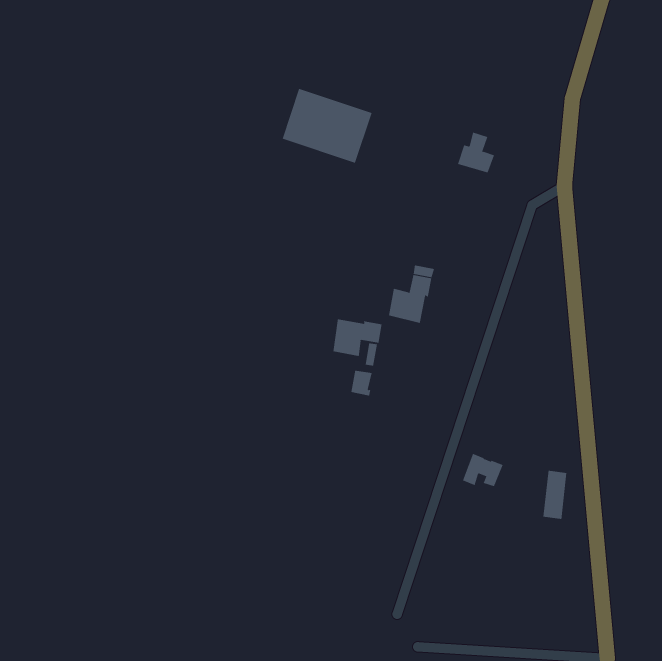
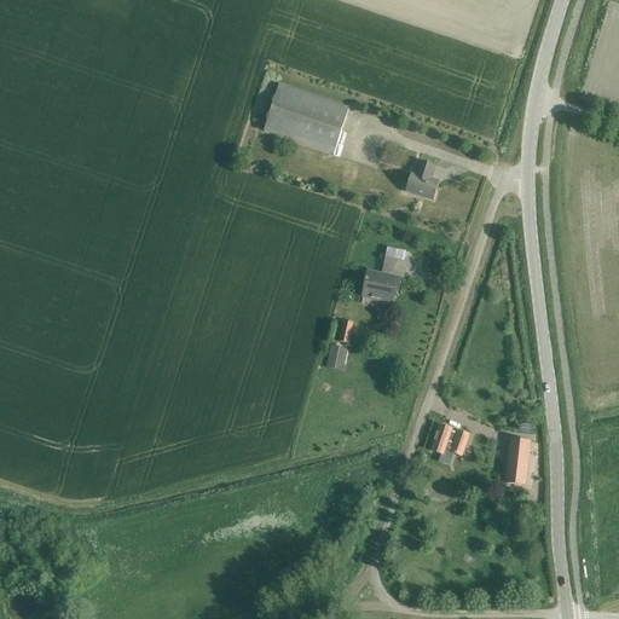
building: [457,132,495,173] -> [404,158,439,197]
building: [333,318,382,357] -> none

